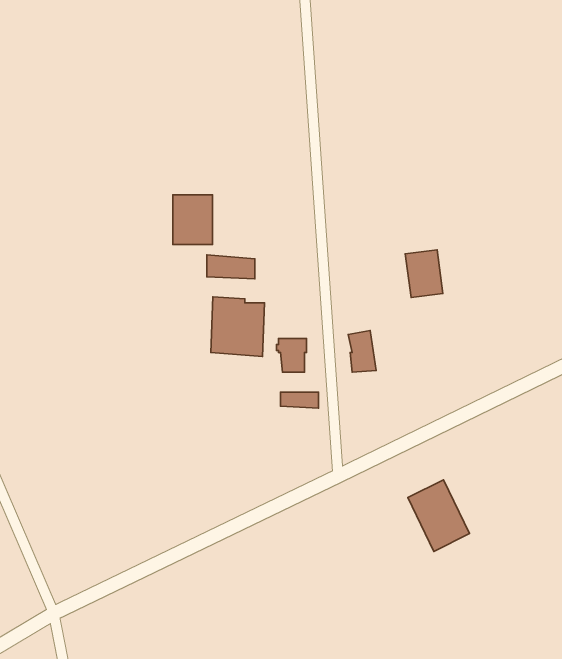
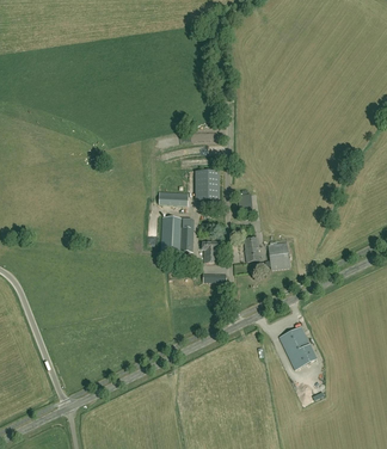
building: [173,195,213,245] -> [196,170,220,199]
building: [405,250,443,298] -> [268,240,290,269]

